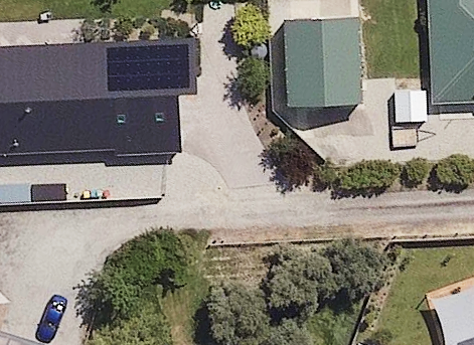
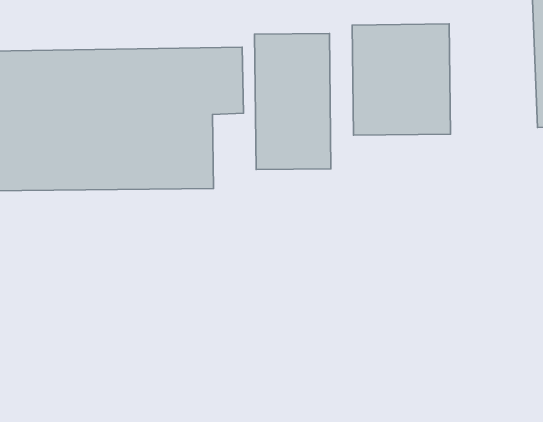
building: none -> [255,33,331,170]

